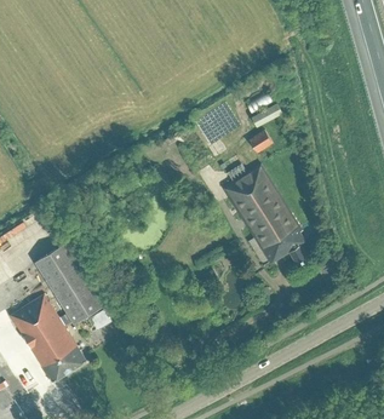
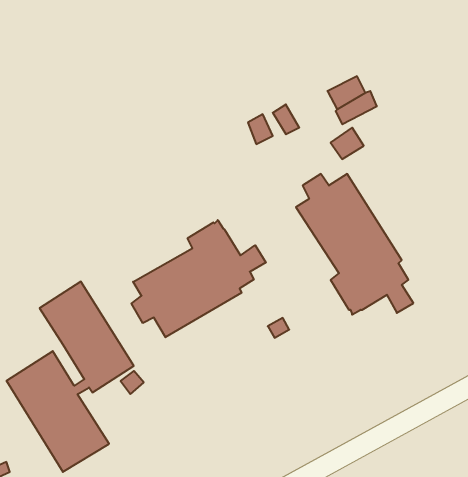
building: none -> [131,220,266,337]

